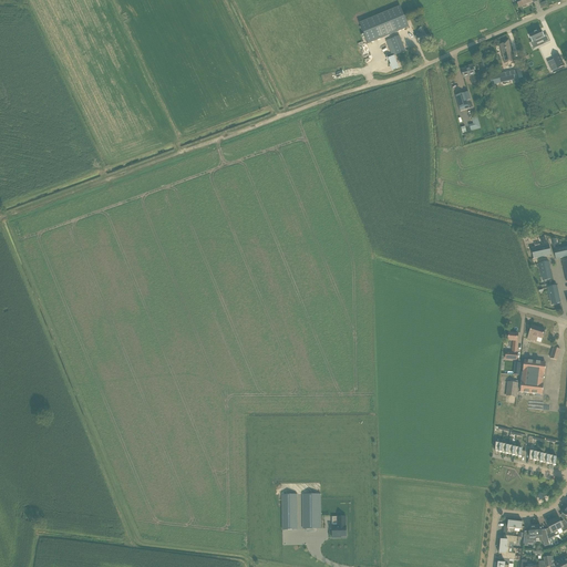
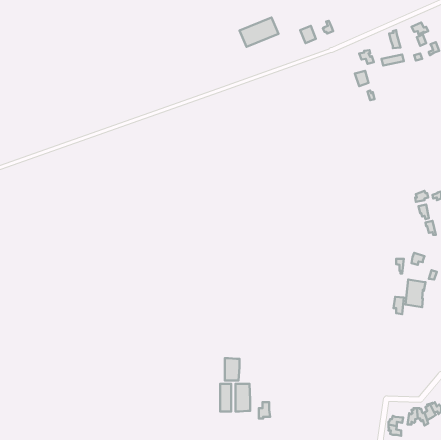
building: [359,6,409,43] -> [240,17,278,47]
building: none -> [225,358,239,381]

